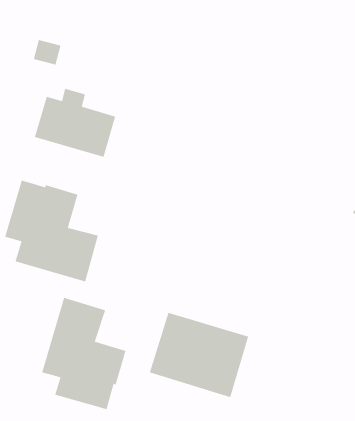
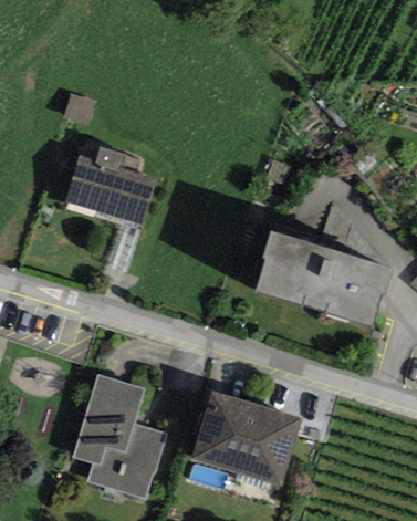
building: none -> [254,230,393,326]
building: [4,179,99,283] -> none

